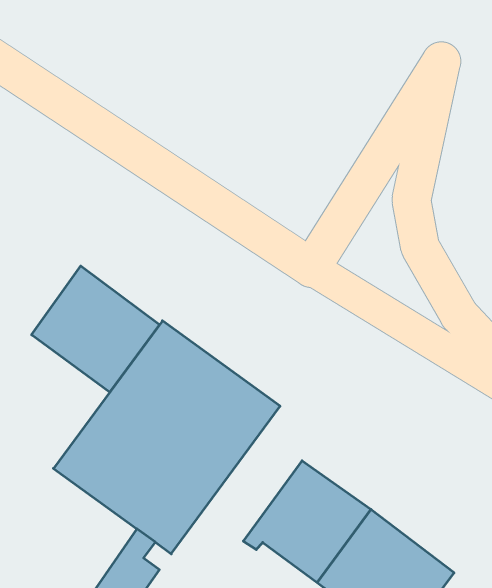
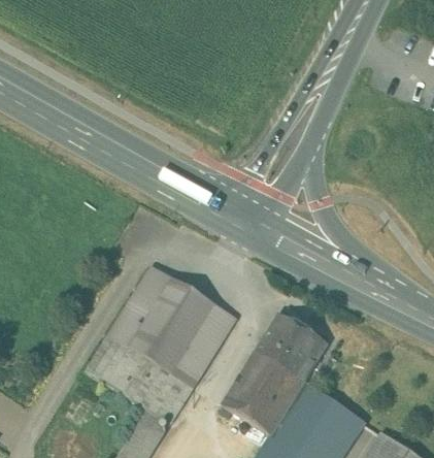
building: [32,266,159,392] -> none
building: none -> [255,313,328,383]

